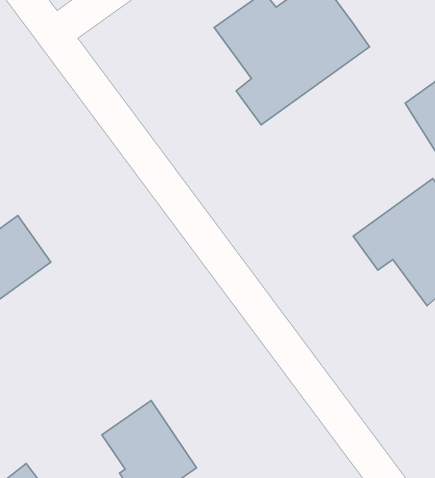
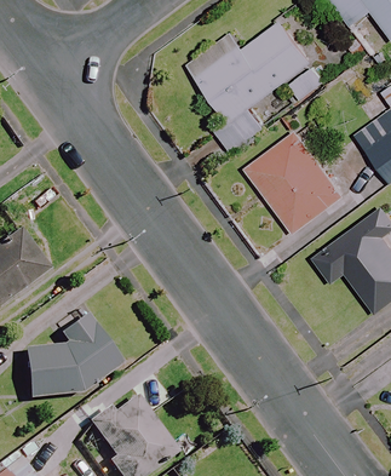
building: none -> [251,130,347,231]
building: none -> [23,311,120,400]

